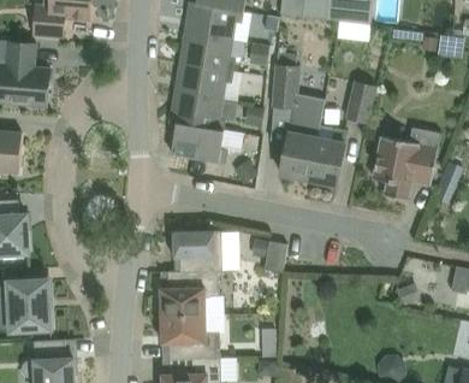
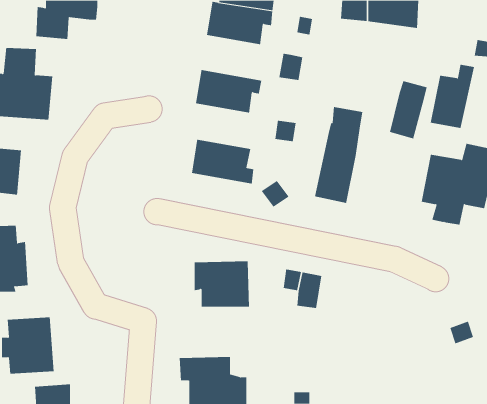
building: [179,31,236,71] -> none
building: [273,53,298,108] -> none
building: [168,92,225,131] -> none
building: [308,128,348,184] -> [430,64,475,128]
building: [160,270,219,316] -> none

